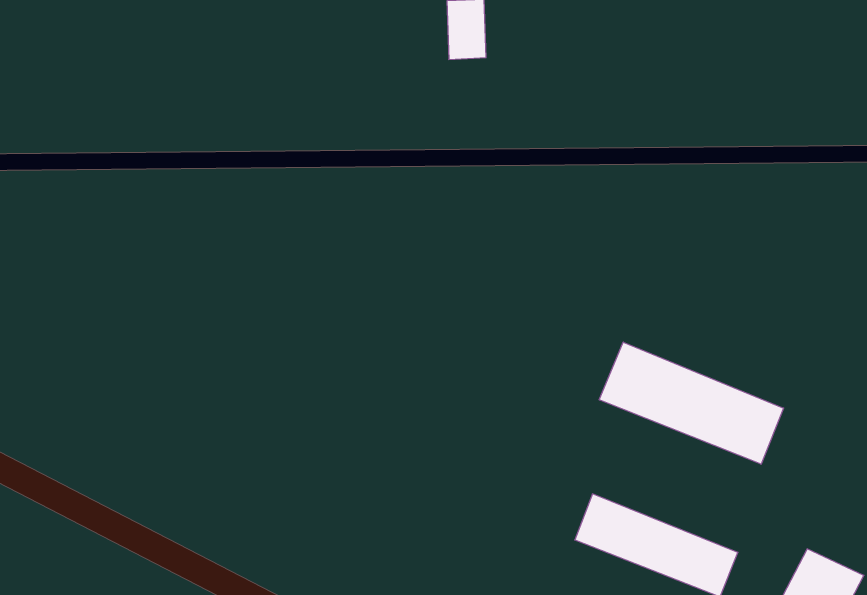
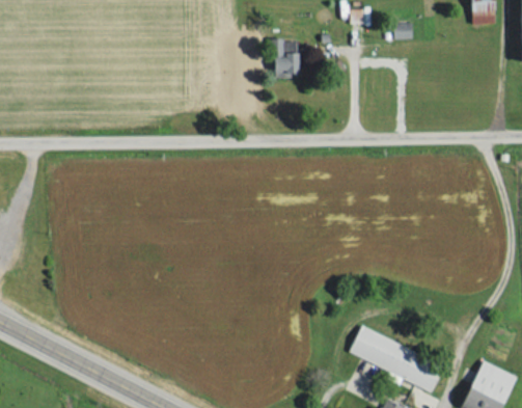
building: [599,342,784,464] -> none

